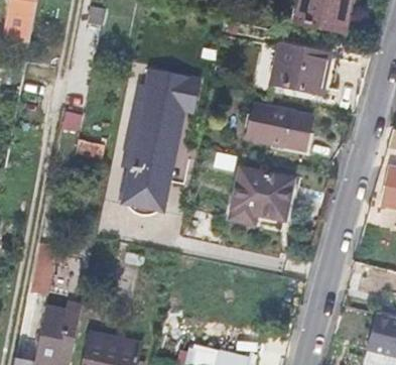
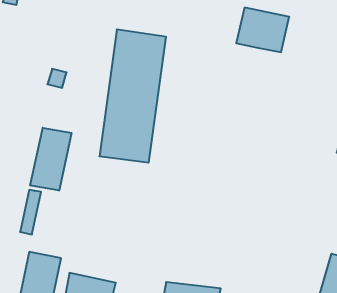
building: [246,105,311,149] -> none
building: [230,167,292,224] -> none
building: none -> [30,128,72,191]

